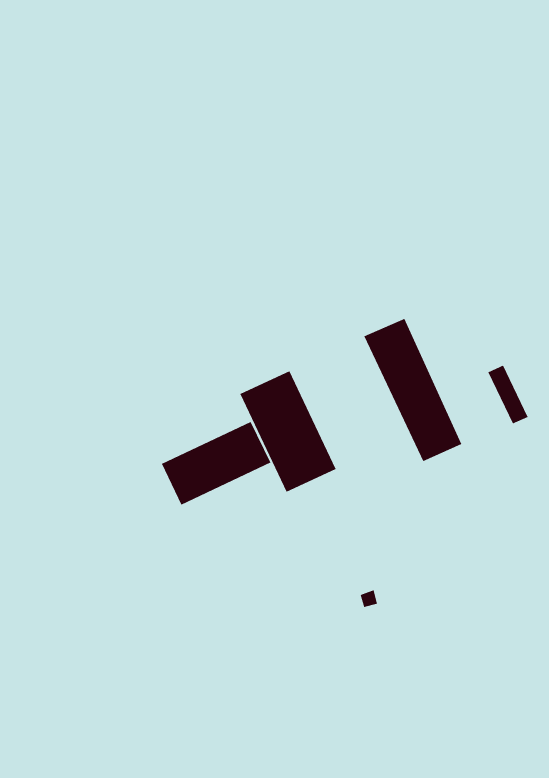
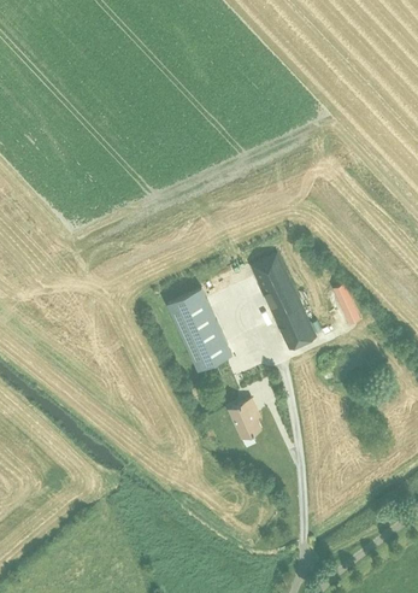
building: [161,421,271,505] -> none
building: none -> [232,399,261,439]

